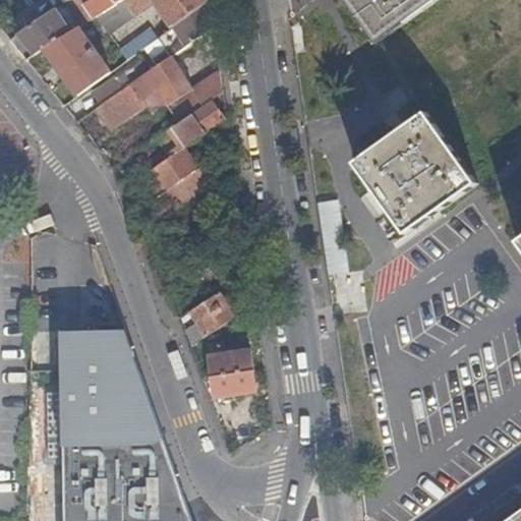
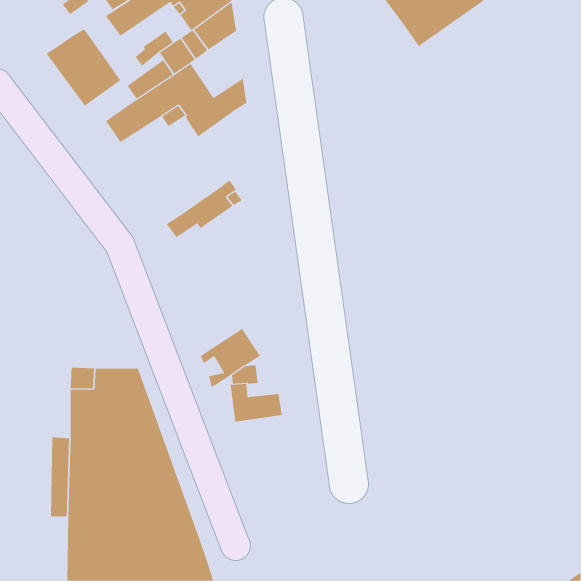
building: [7,6,68,58] -> none
building: [143,99,221,199] -> none
building: [352,112,473,232] -> none
building: [209,369,254,396] -> none

